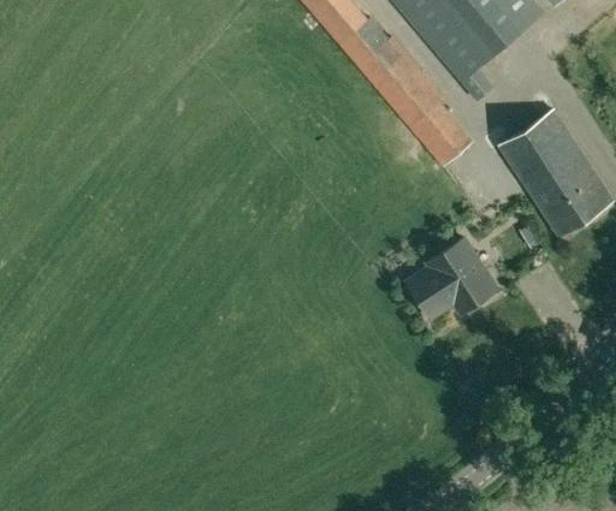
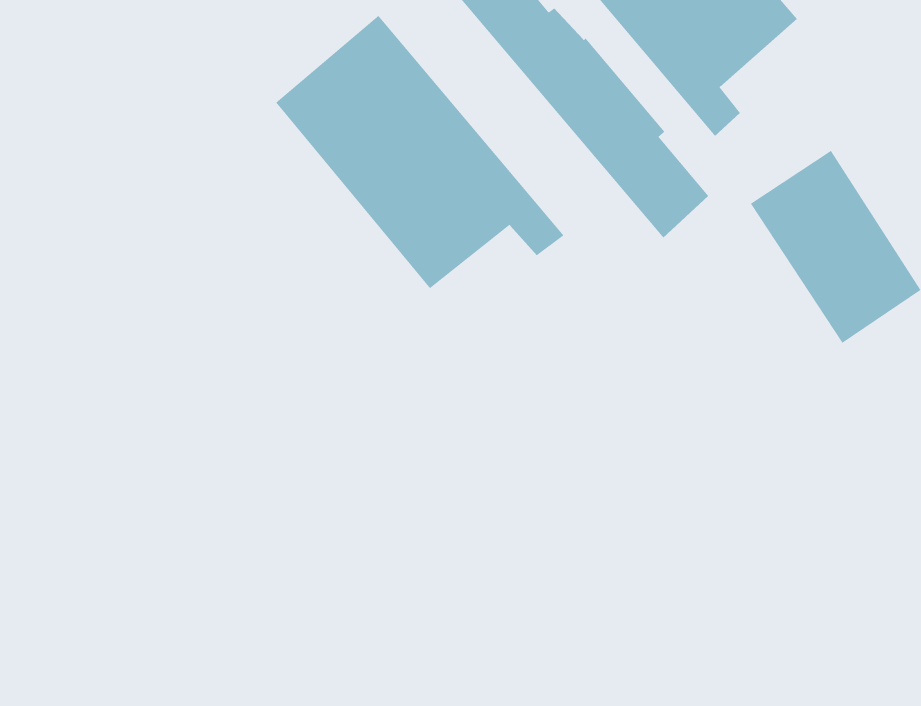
building: none -> [275,15,565,289]
building: [408,238,497,317] -> none

